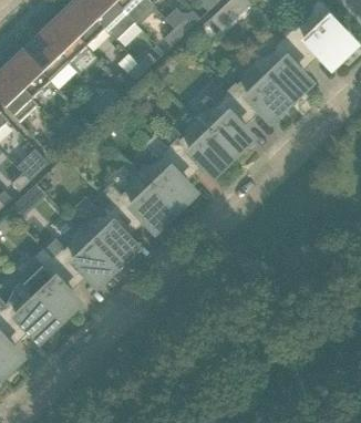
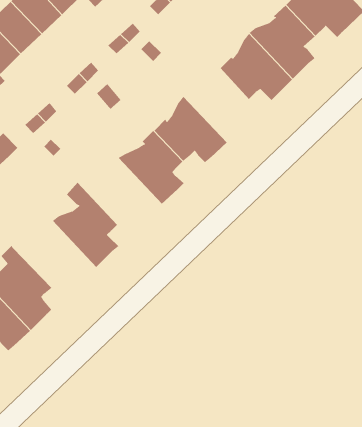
building: [194,83,252,156] -> none
building: [101,169,175,229] -> none
building: [44,225,117,285] -> none

